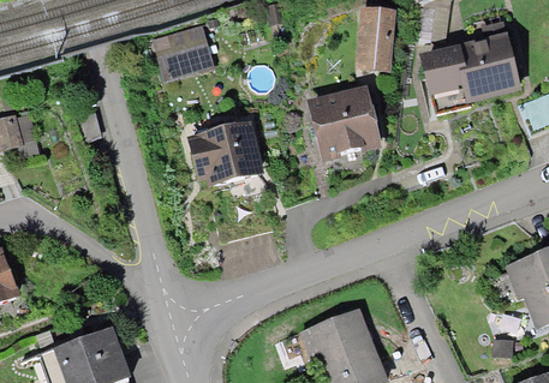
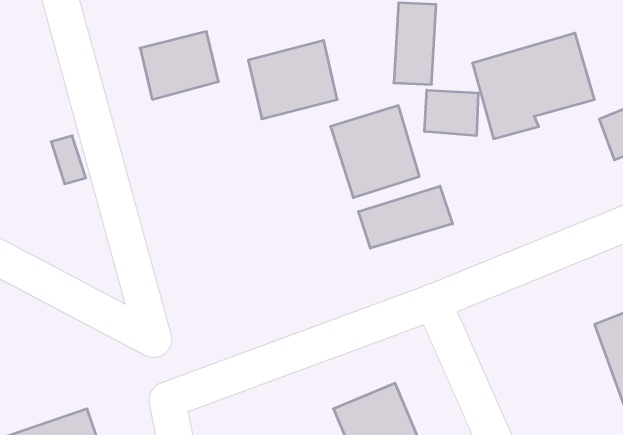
building: none -> [425,90,478,136]
building: [189,119,259,181] -> [248,40,337,119]
building: none -> [358,186,453,248]

